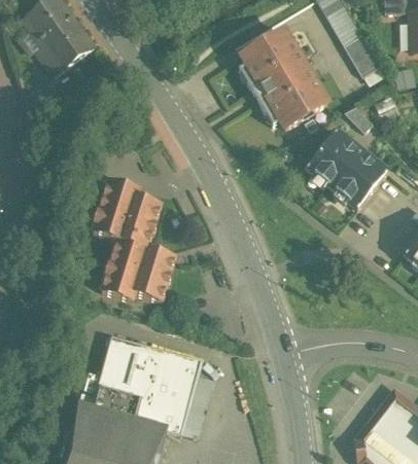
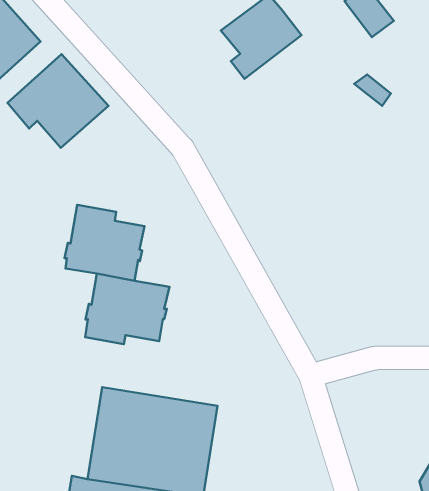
building: none -> [8,54,108,148]
building: [255,67,327,128] -> none
building: [306,131,387,209] -> none

